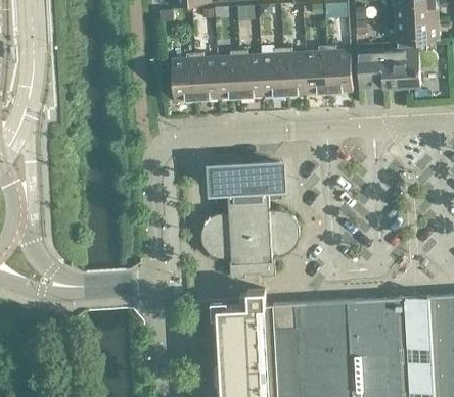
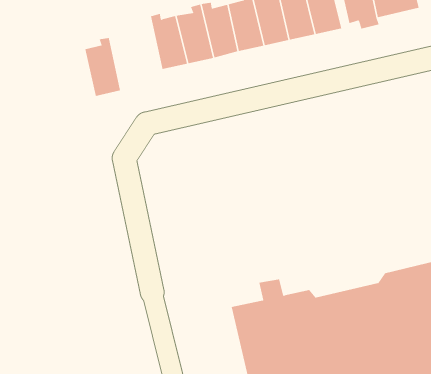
building: [171,53,195,100] -> [84,37,121,96]
building: [200,162,298,277] -> none

